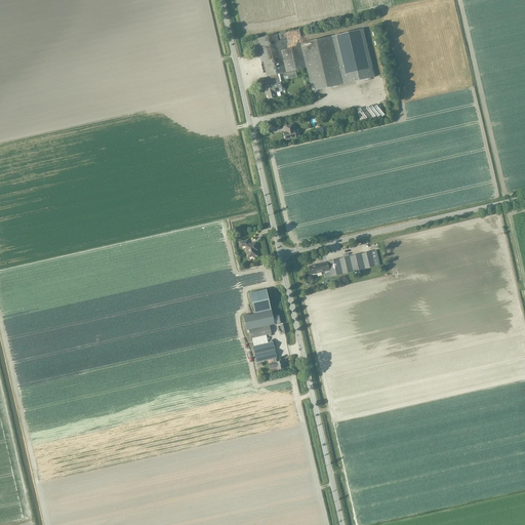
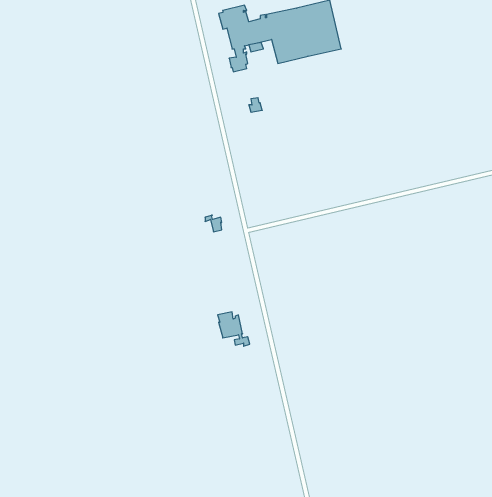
building: [309,250,379,277] -> none
building: [243,289,274,337] -> none

